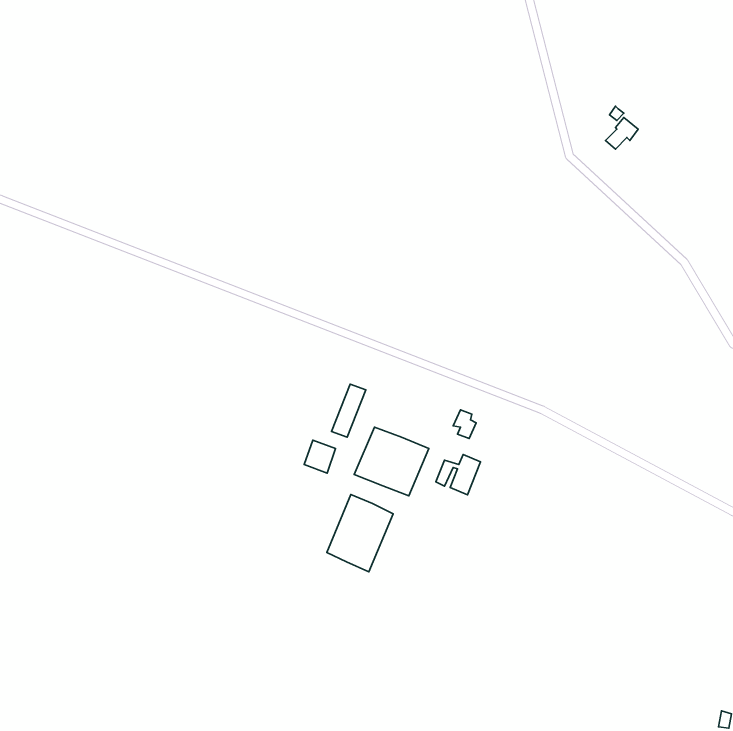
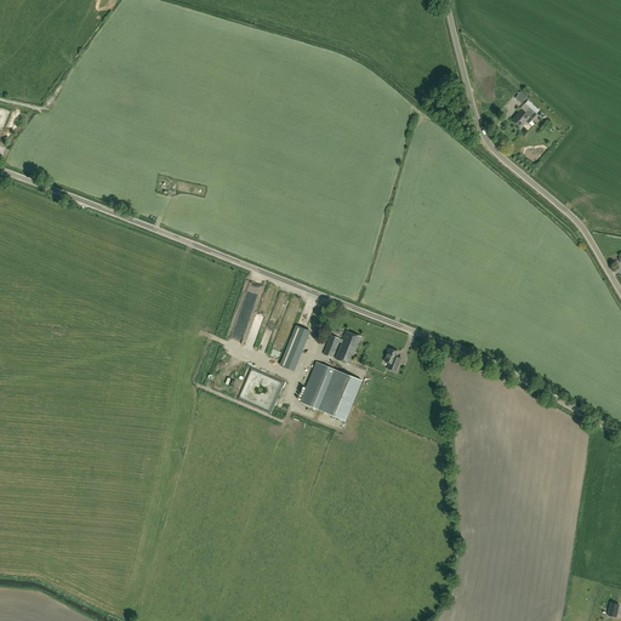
building: [436,455,480,495] -> [324,330,361,364]
building: [327,495,393,572] -> none

